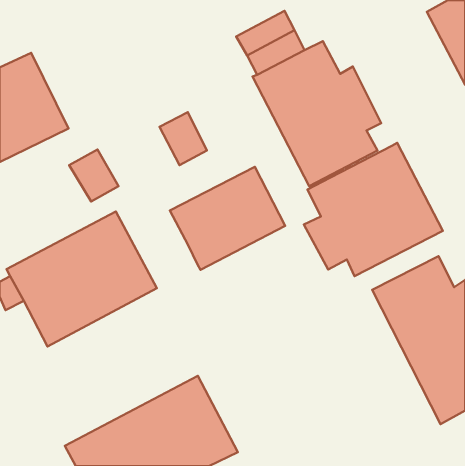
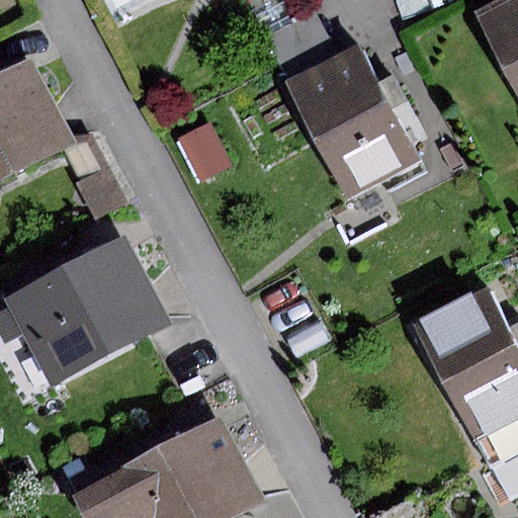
building: [304,143,443,276] -> none
building: [170,167,285,270] -> none

